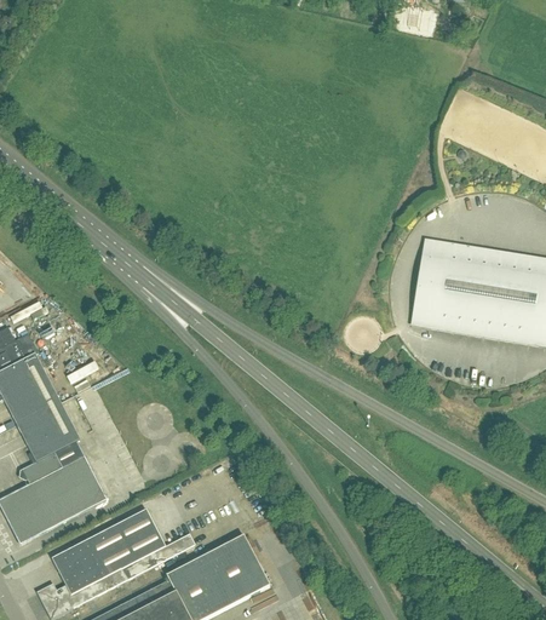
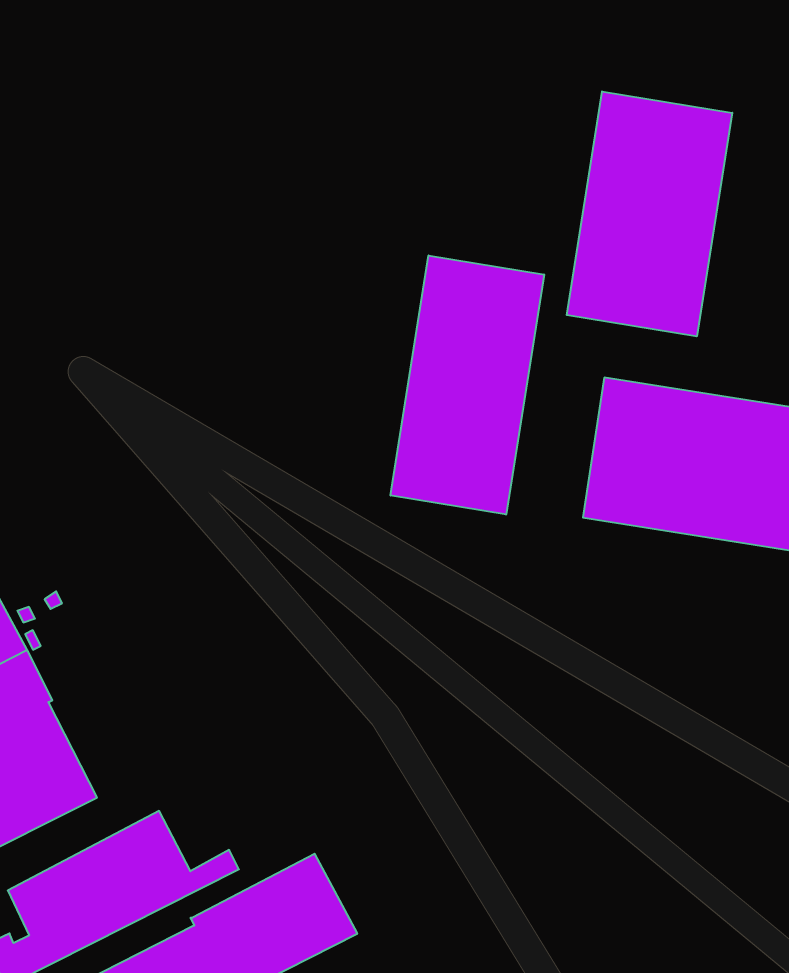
building: none -> [567,91,732,336]
building: none -> [391,255,544,515]

